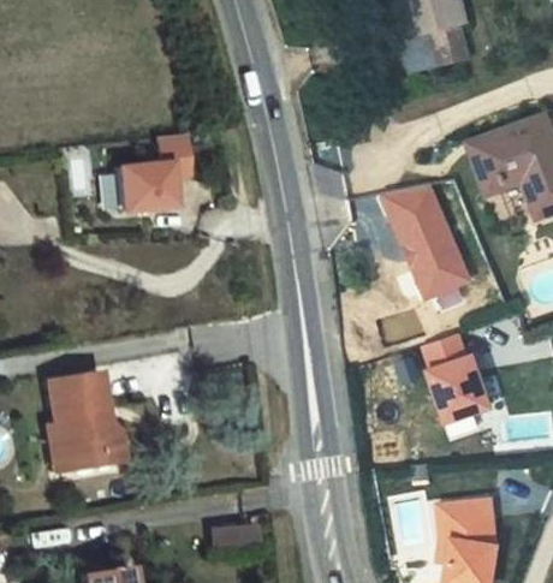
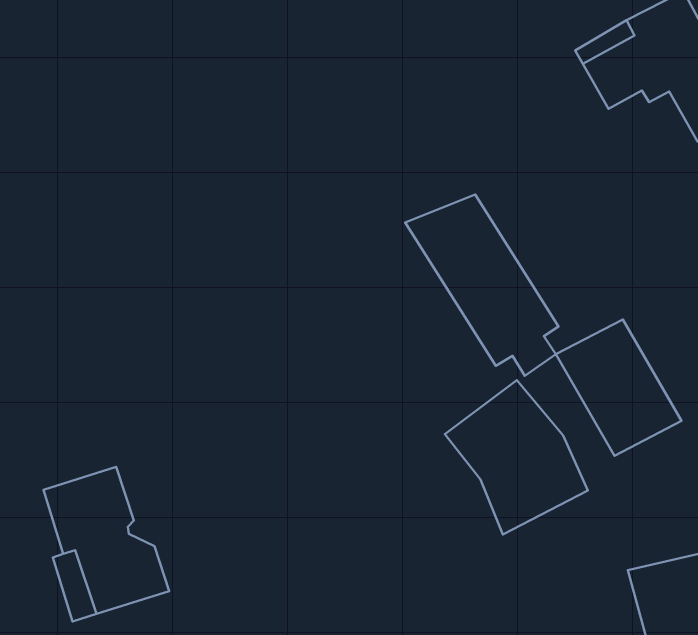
building: [123,142,194,215] -> none
building: [381,183,471,308] -> [405,195,559,376]
building: none -> [445,380,588,534]

